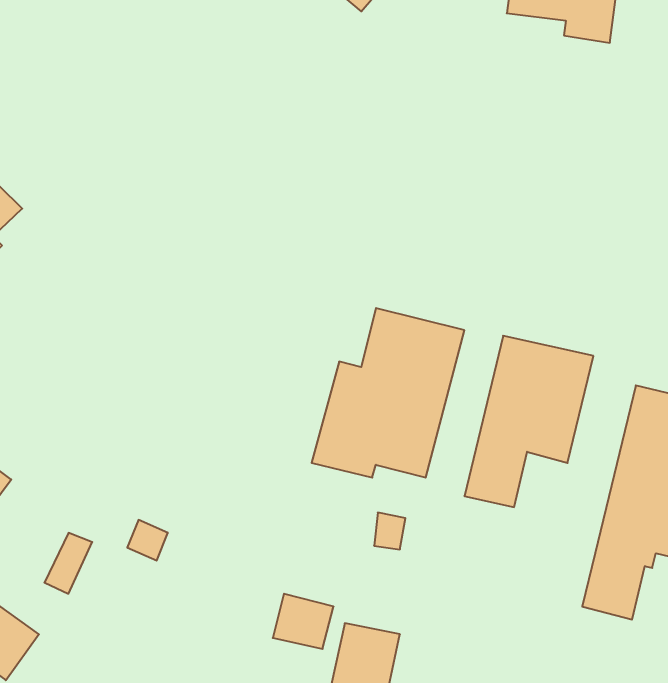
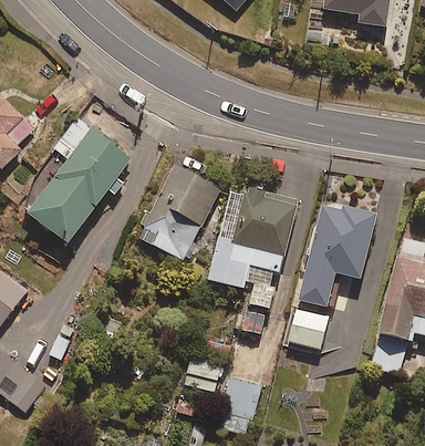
building: none -> [28,116,132,242]
building: none -> [135,164,220,260]
building: none -> [287,307,329,348]

